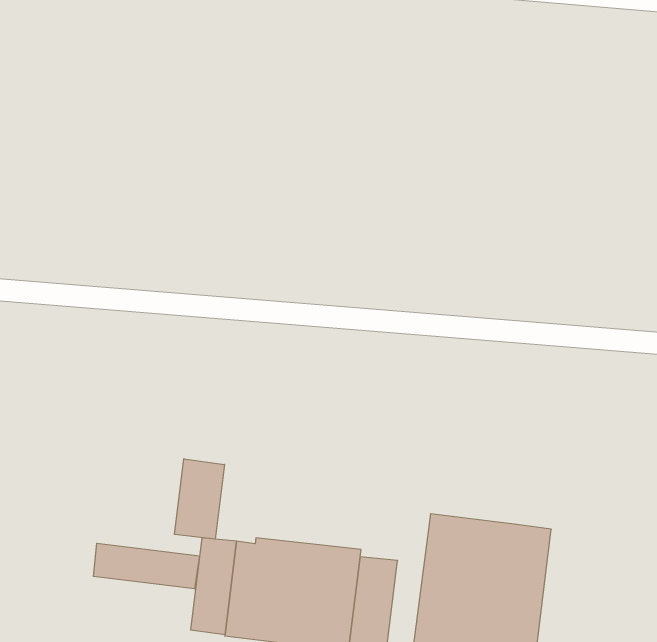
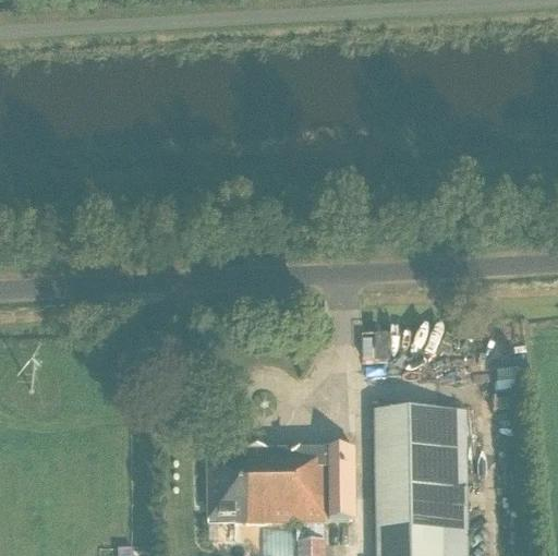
building: [175,459,224,539] -> none
building: [93,543,200,589] -> none

